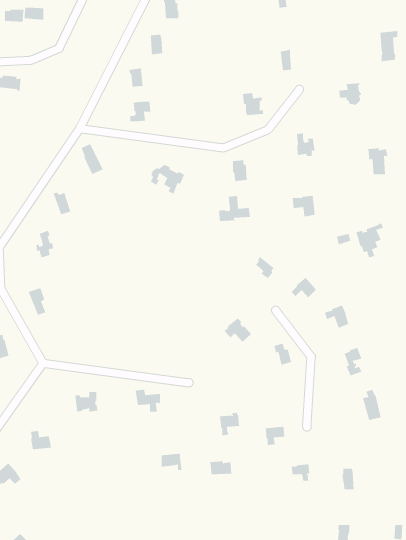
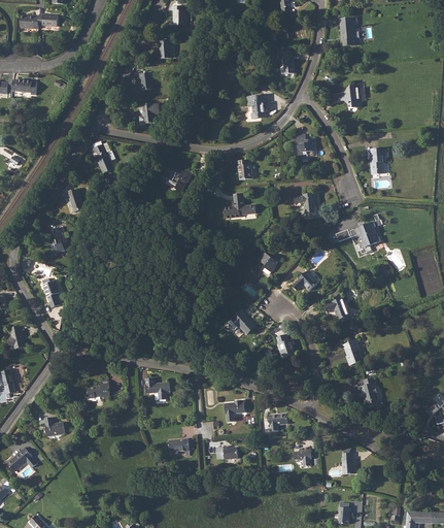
building: [380,30,398,62] -> [340,16,357,46]

